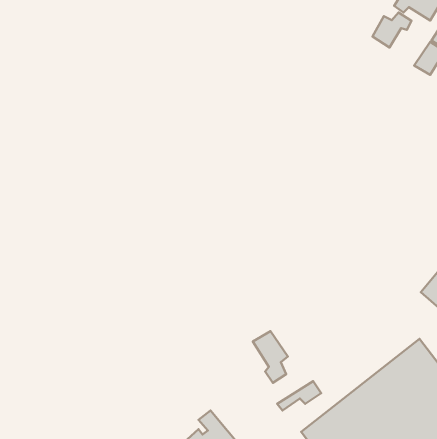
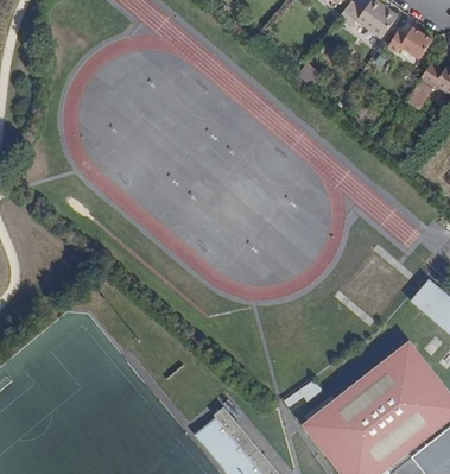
building: [373,13,412,48] -> none
building: [253,331,288,383] -> none

